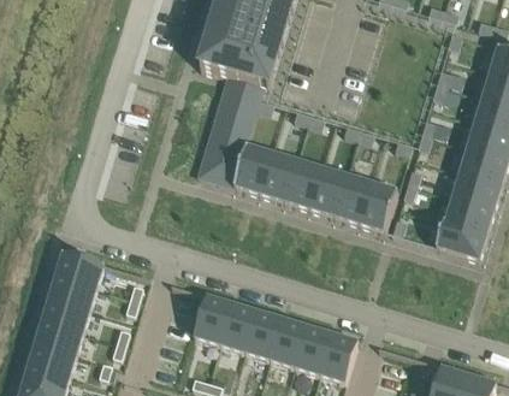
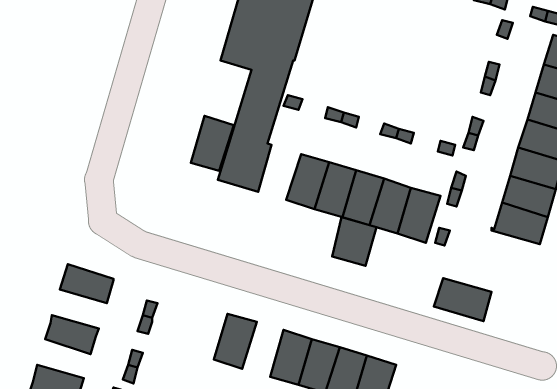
building: [233,144,272,194] -> [191,116,234,171]
building: none -> [332,217,376,266]
building: [434,221,486,260] -> [434,278,491,321]
building: [48,274,97,309] -> none
building: [219,303,256,353] -> none
building: [35,319,83,354] -> none

